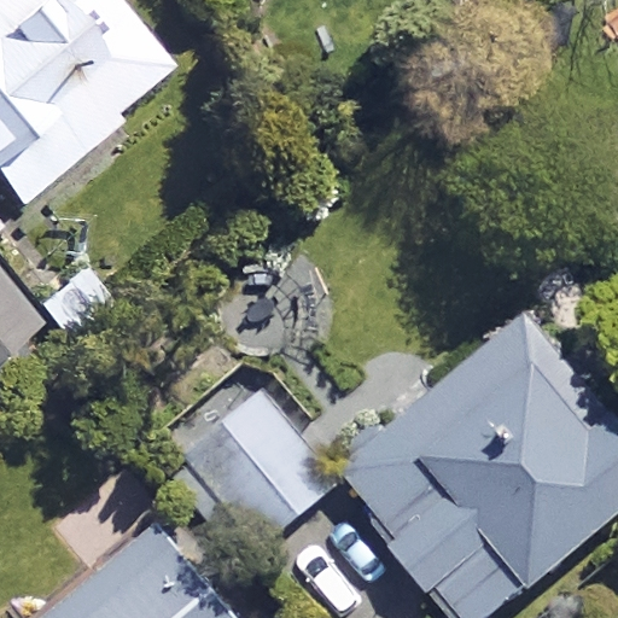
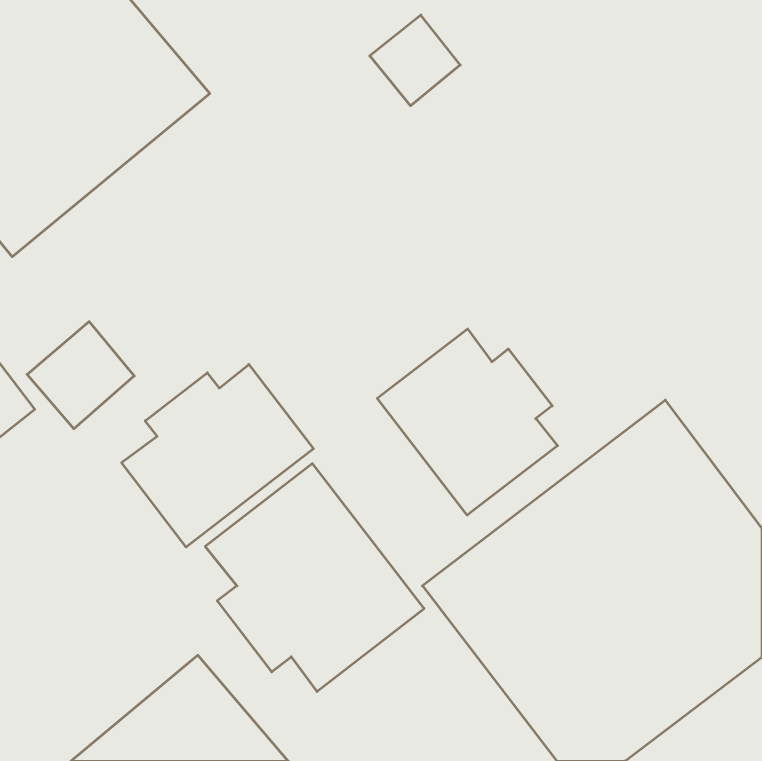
building: none -> [377,329,558,515]
building: none -> [122,364,313,547]

